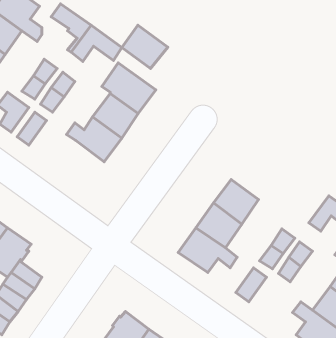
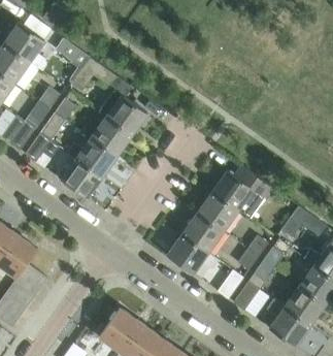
building: [122,25,168,68] -> none
building: none -> [61,158,101,198]
building: none -> [212,168,272,219]
building: none -> [233,281,261,316]

